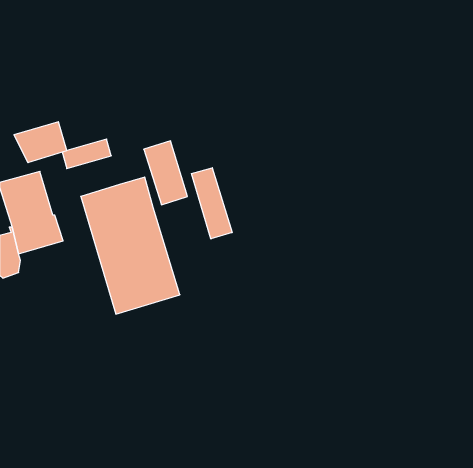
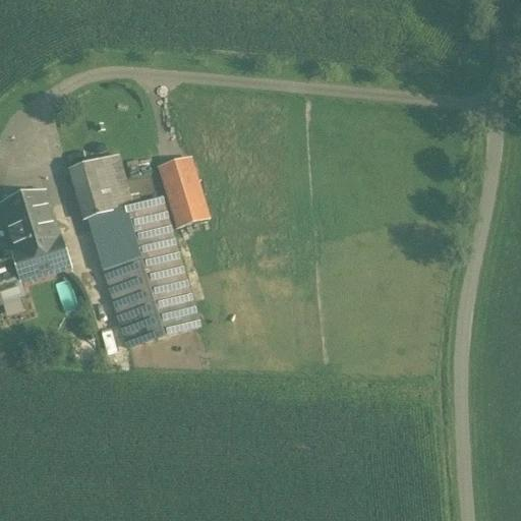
building: [14,122,67,163] -> [73,171,131,216]
building: [192,168,232,239] -> none

